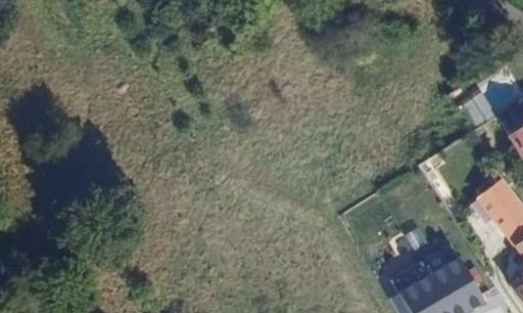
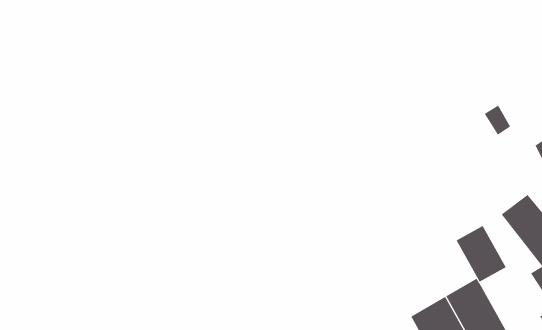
building: none -> [456,225,507,283]

